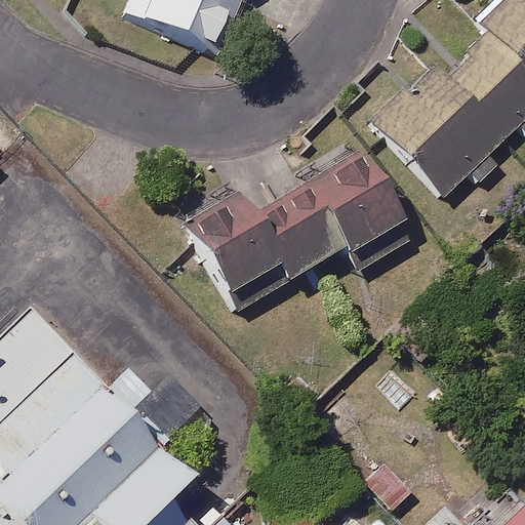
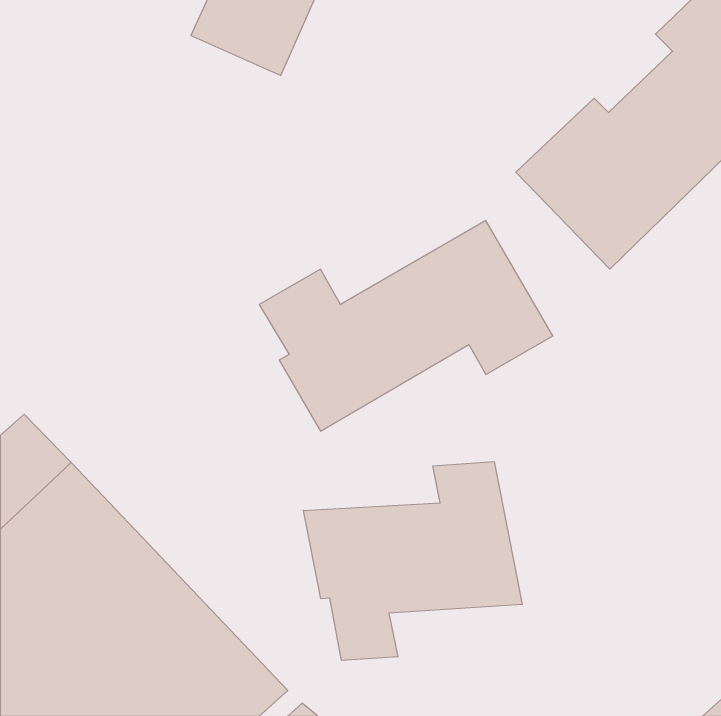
building: none -> [303,462,522,660]

